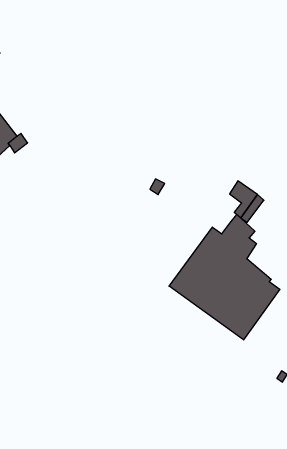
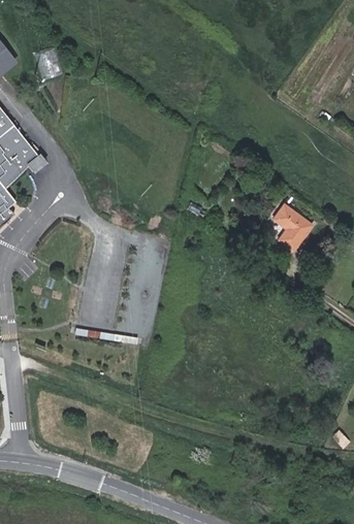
building: [169,214,280,340] -> none

